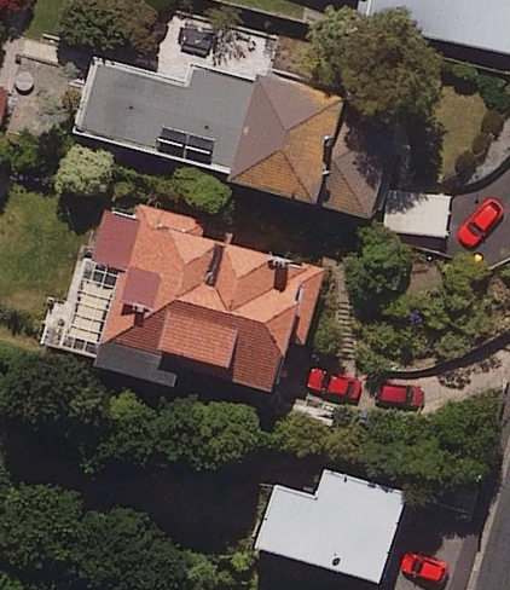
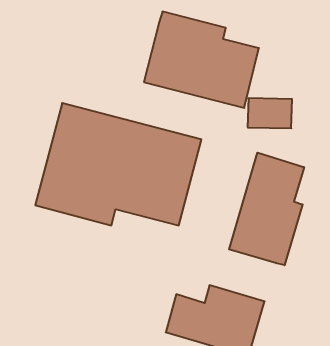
building: [75,64,247,173] -> none
building: none -> [229,153,304,265]

